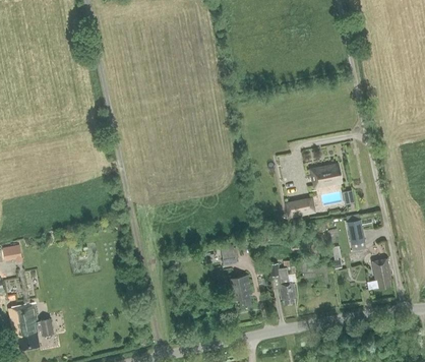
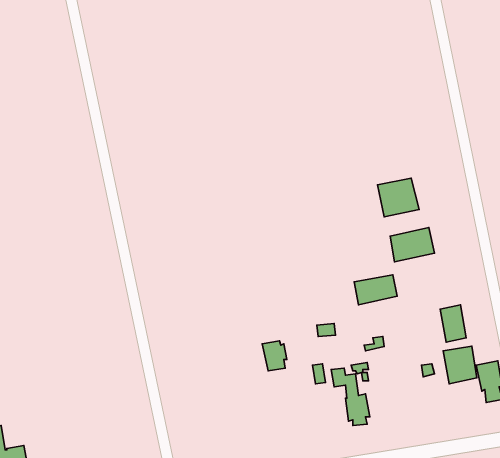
building: none -> [377,178,419,217]
building: none -> [443,346,477,384]
building: [229,276,251,309] -> none

